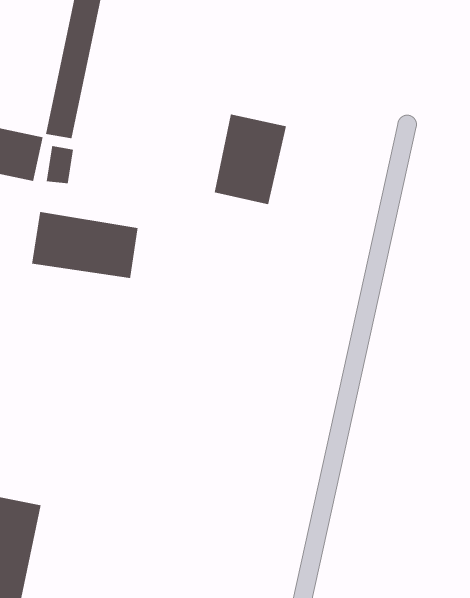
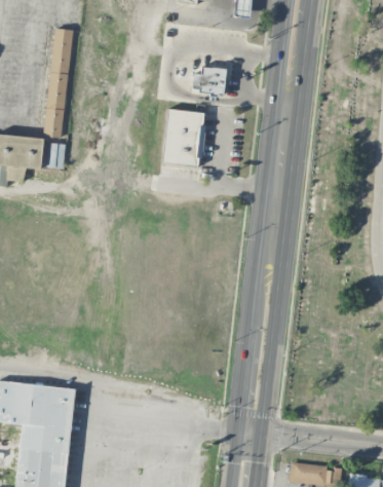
building: none -> [198,65,230,96]
building: [32,211,138,279] -> none

